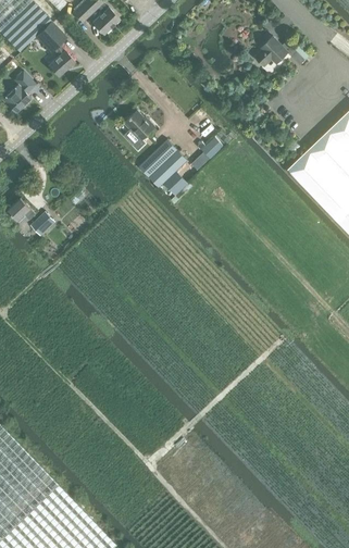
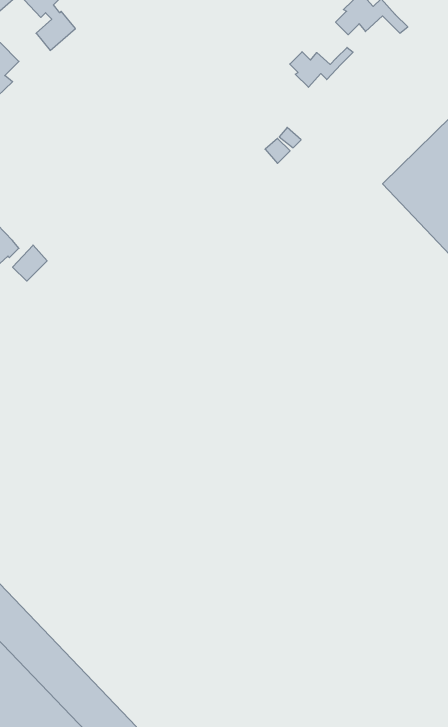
building: none -> [290,47,353,87]
building: [124,111,155,151] -> none
building: [139,140,187,188] -> none

